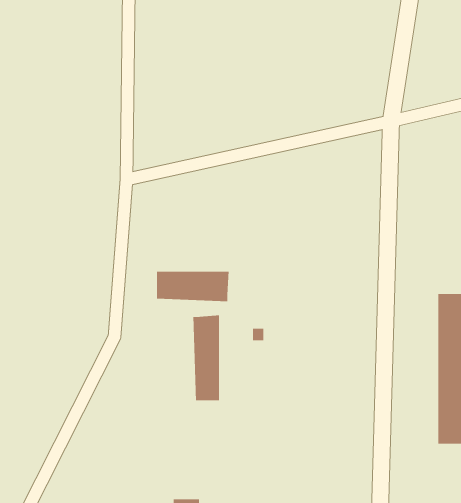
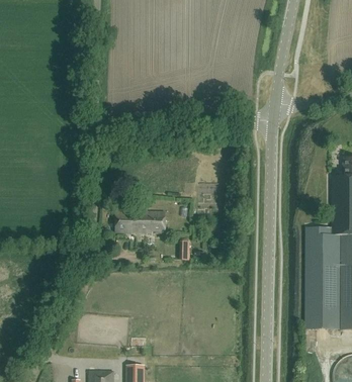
building: [193,314,220,401] -> none

